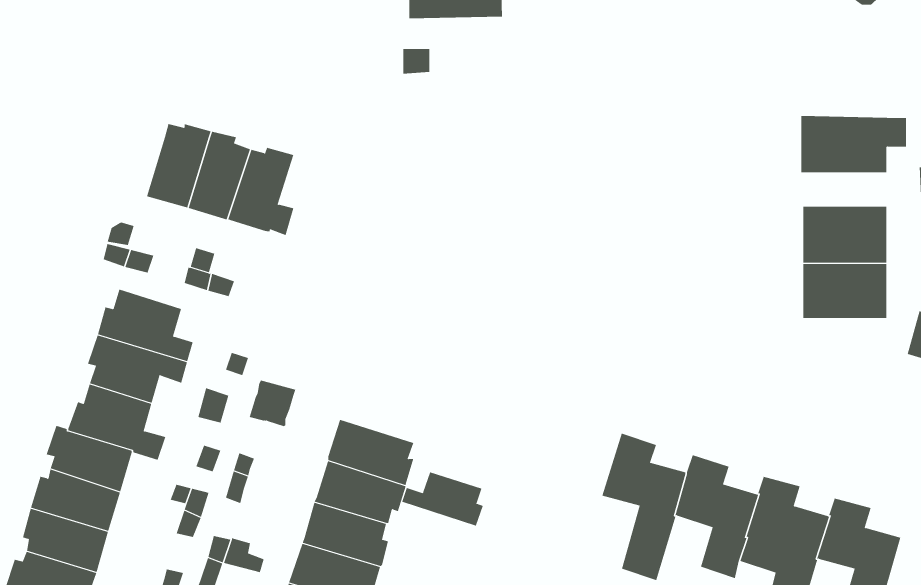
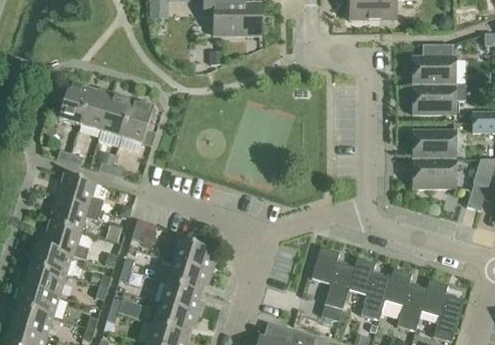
building: none -> [412,43,456,85]
building: none -> [58,79,90,125]
building: [401,472,483,526] -> none

